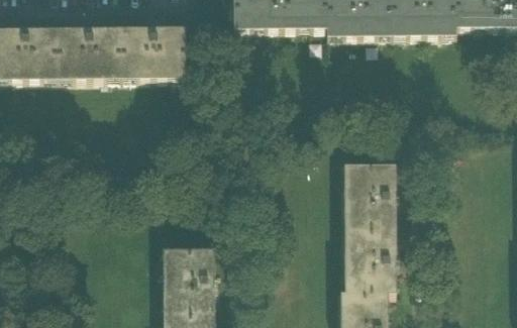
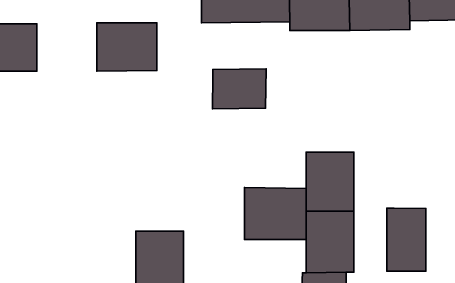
building: [60,26,123,78] -> none
building: none -> [212,69,266,109]
building: none -> [244,188,306,240]
building: none -> [387,208,426,271]

